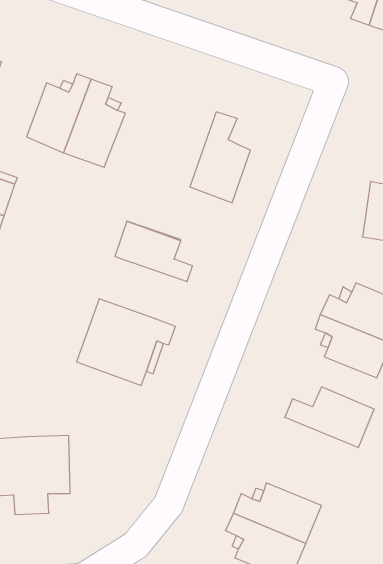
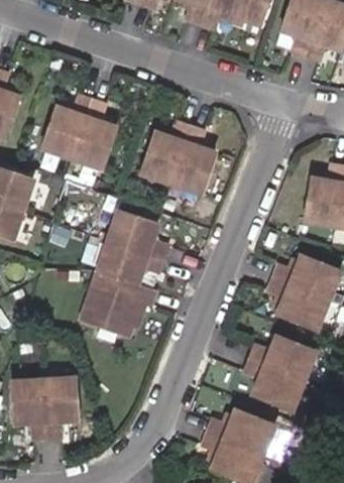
building: none -> [141,121,190,183]
building: none -> [100,236,167,283]
building: none -> [236,359,299,411]

